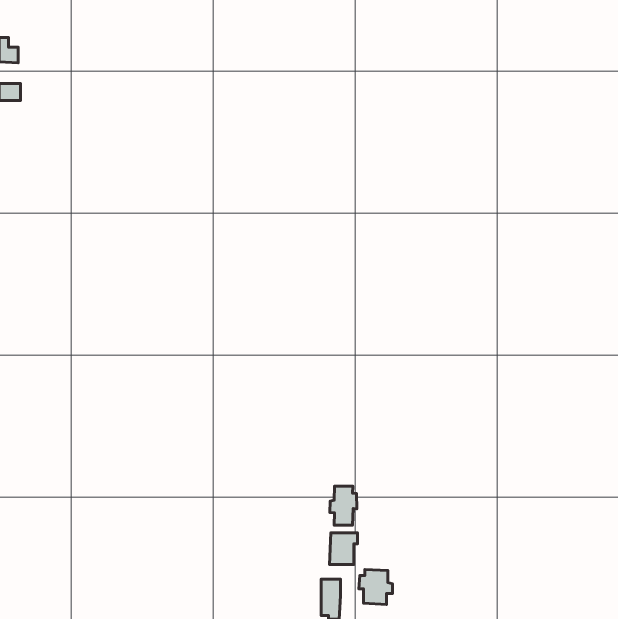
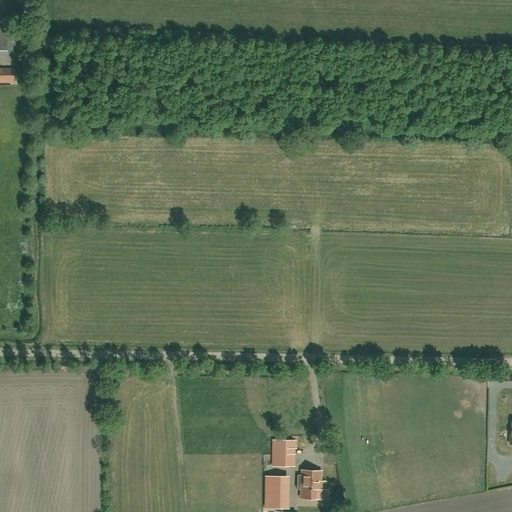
building: [330,486,357,525] -> none

